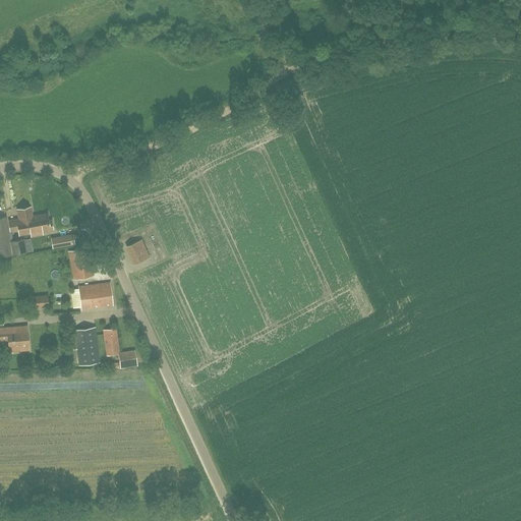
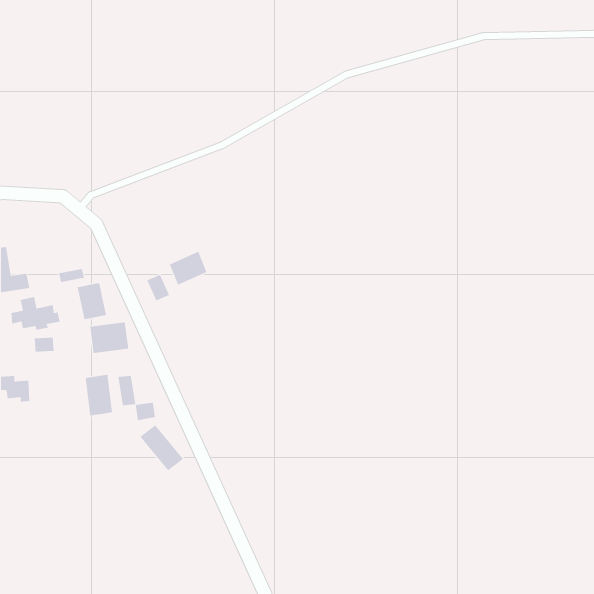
building: [9,207,53,236] -> [10,296,60,330]
building: none -> [169,251,207,286]
building: none -> [139,425,184,471]

